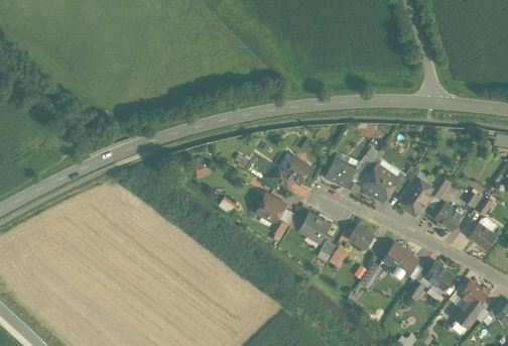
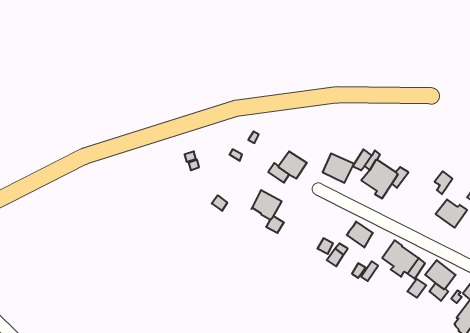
building: [399,176,434,213] -> none
building: [298,213,330,242] -> none

